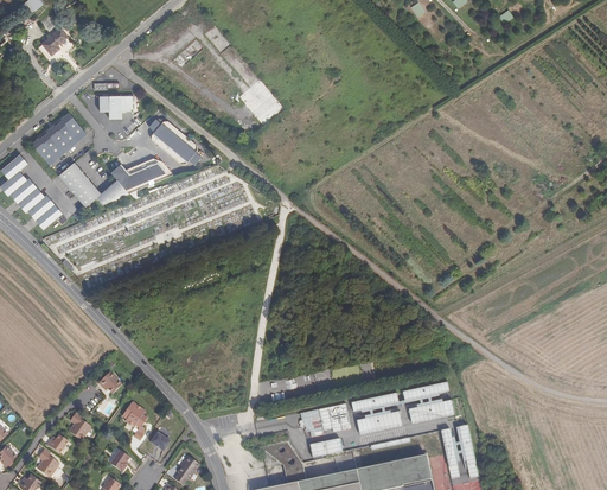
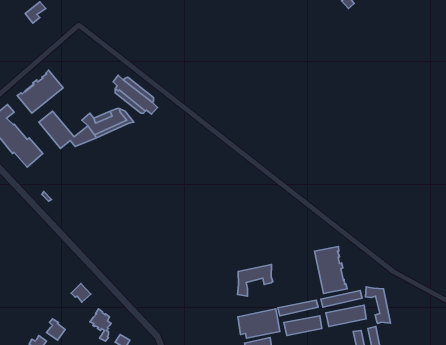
building: [100,95,129,119] -> none
building: none -> [315,247,347,294]
building: none -> [238,265,273,296]
building: none -> [365,287,391,324]

